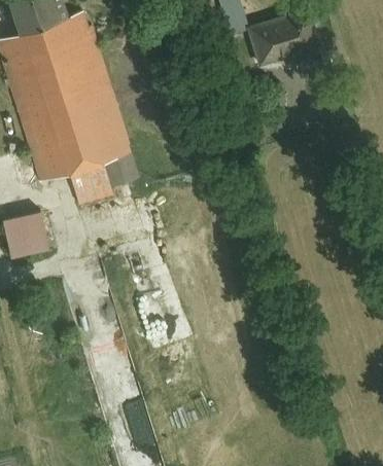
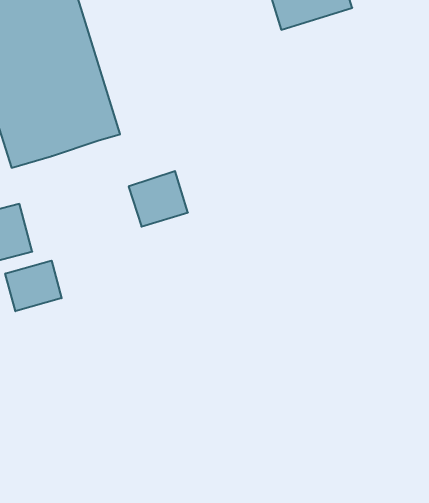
building: [71,159,118,204] -> [129,171,188,227]
building: none -> [5,261,62,311]

